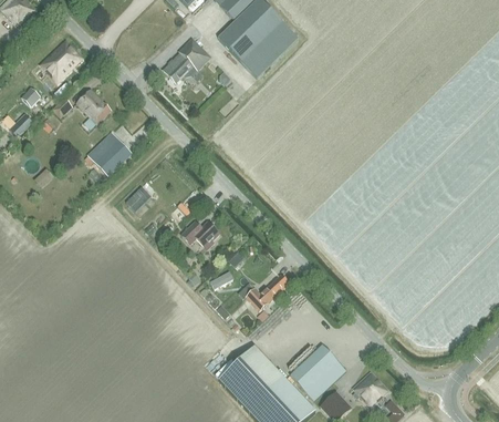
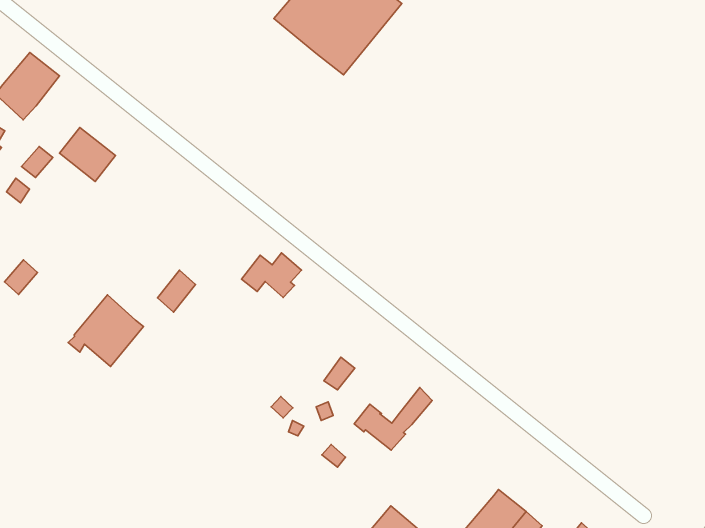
building: [162,37,211,83] -> none
building: [84,131,132,175] -> [68,295,143,366]
building: [181,220,219,248] -> [241,253,302,297]

